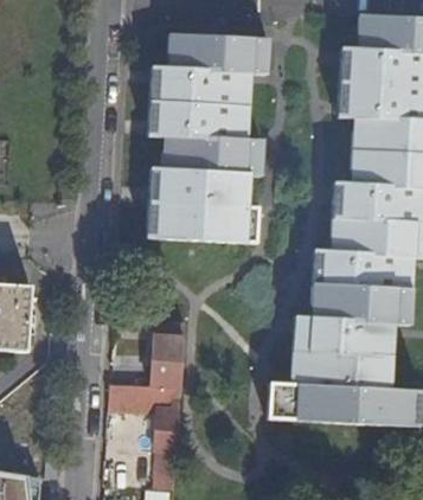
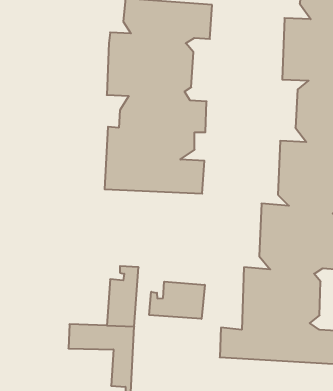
building: none -> [149,282,205,319]

